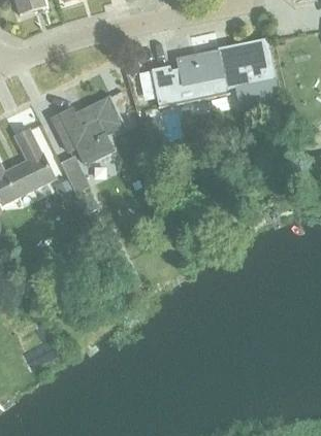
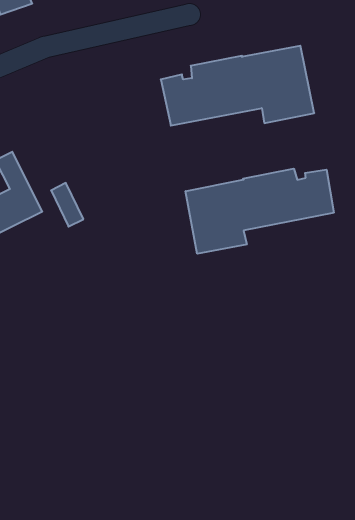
building: [51,95,122,162] -> none
building: none -> [186,169,334,254]

